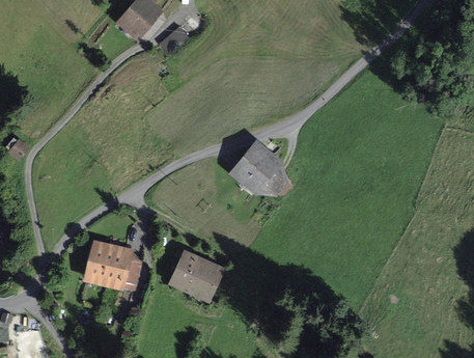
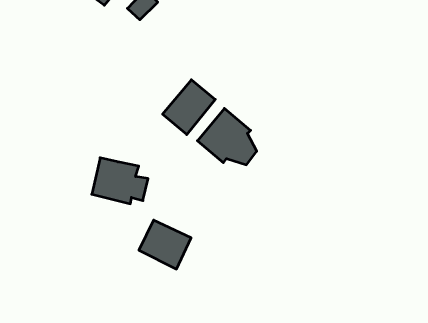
building: none -> [163,80,215,135]
building: [84,244,140,290] -> [92,158,148,204]

